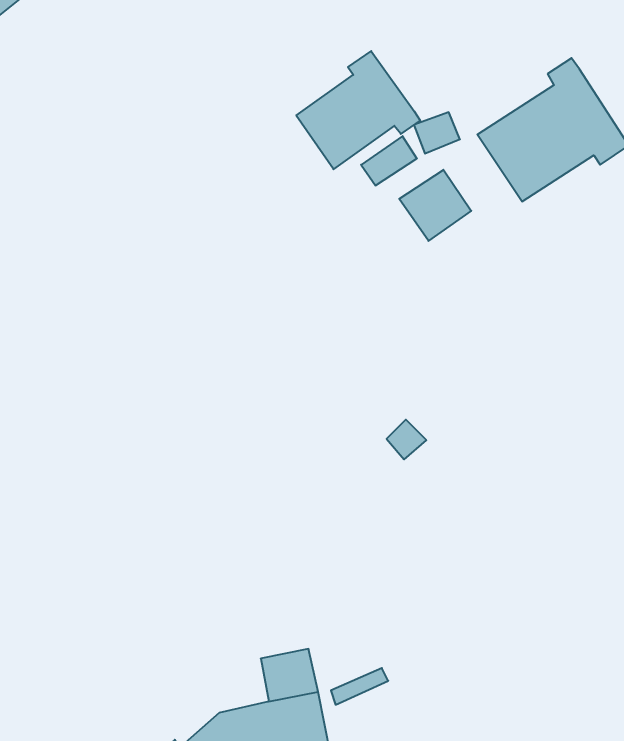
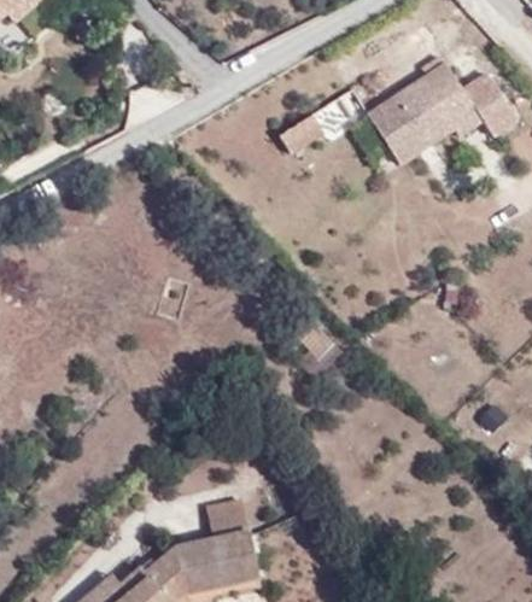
building: [296,51,420,169] -> none
building: [399,170,471,241] -> none

